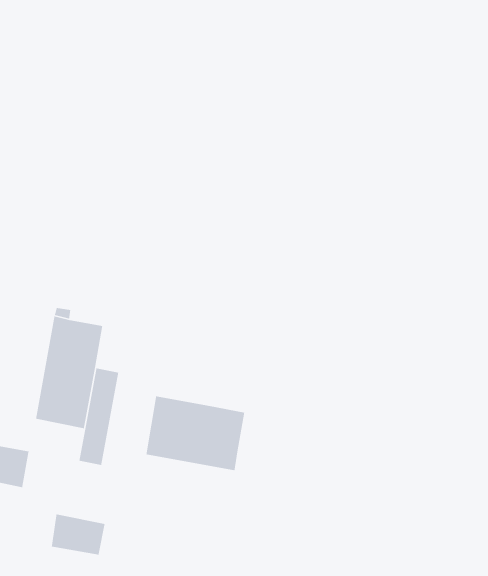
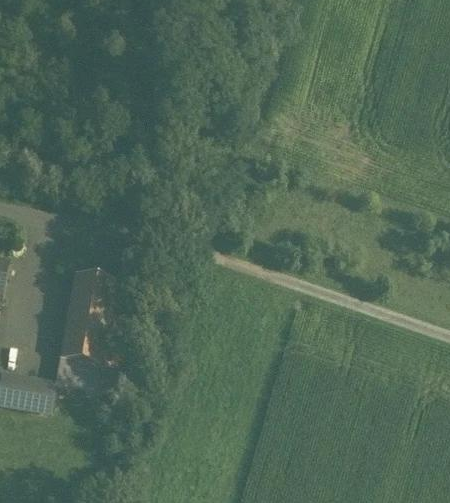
building: [145,396,245,471] -> none
building: [50,513,105,555] -> [53,357,98,391]

